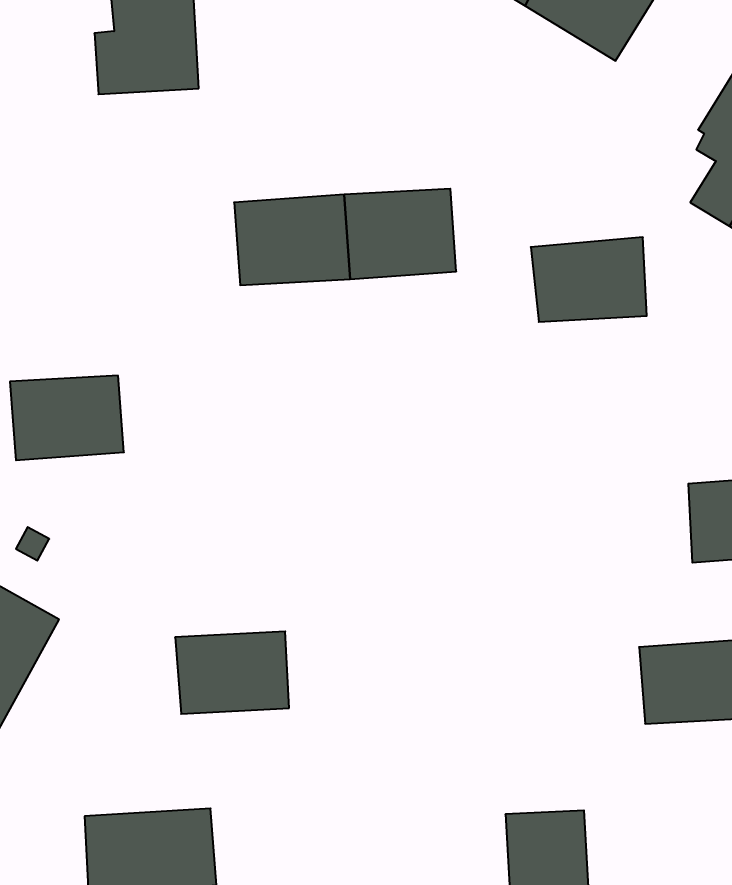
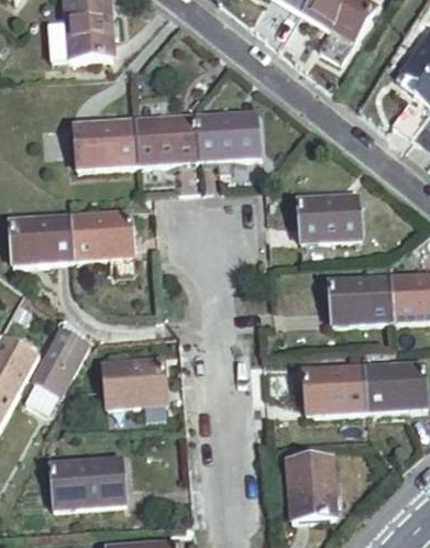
building: none -> [76,119,139,169]
building: [531,237,647,322] -> [297,193,362,240]
building: none -> [70,211,134,259]
building: none -> [330,276,392,325]
building: none -> [22,324,86,416]
building: none -> [305,368,365,415]

